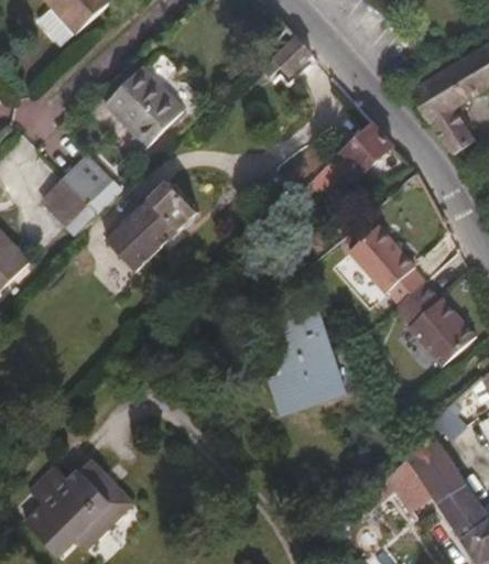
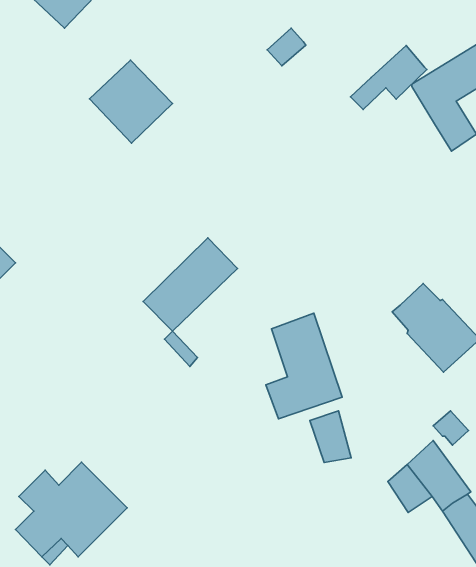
building: [318,121,392,183] -> [351,46,427,109]
building: [42,161,119,237] -> none
building: [107,180,198,270] -> [143,238,238,331]
building: [351,230,424,304] -> none
building: none -> [310,411,351,462]

